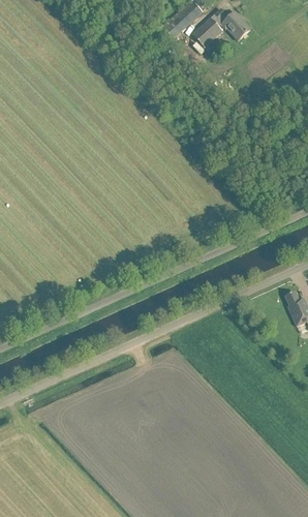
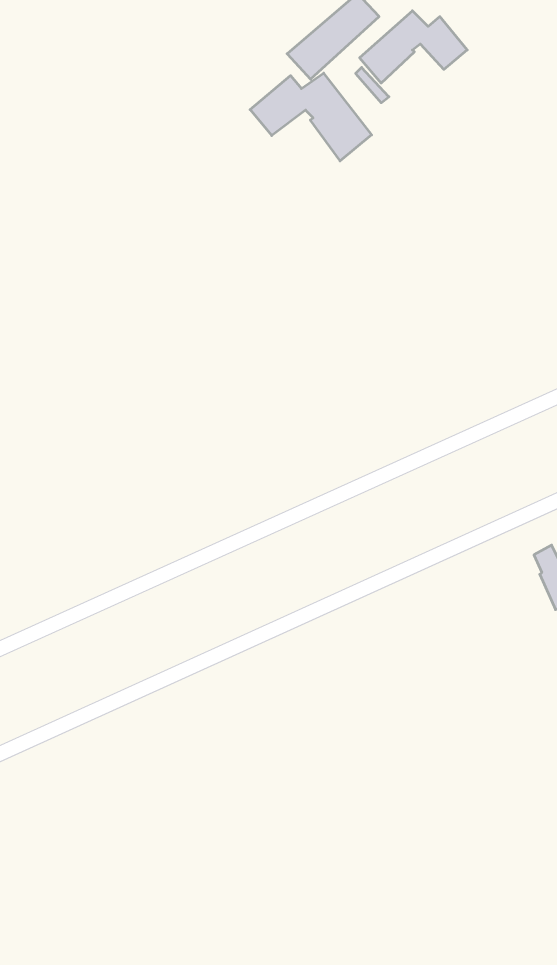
building: none -> [250,73,372,161]

